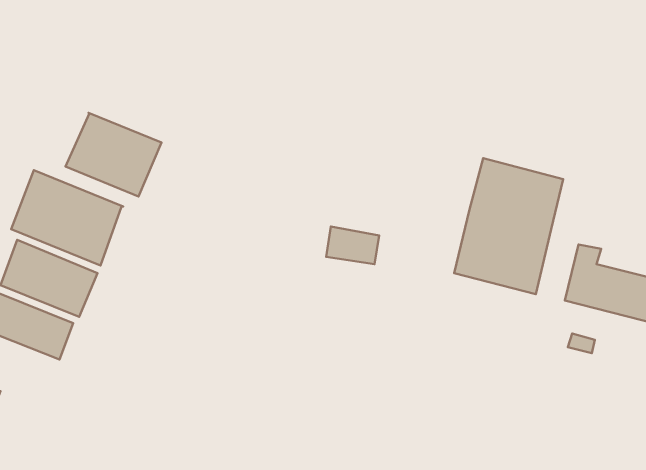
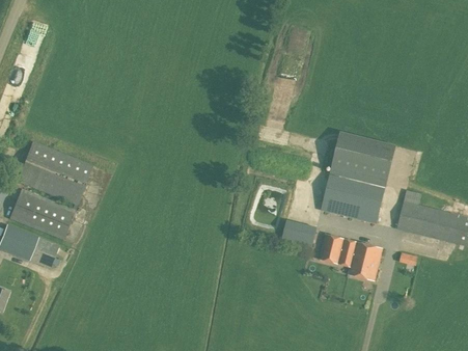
building: [65,113,161,196] -> none
building: [326,226,379,264] -> [280,219,316,245]
building: none -> [319,234,383,280]

